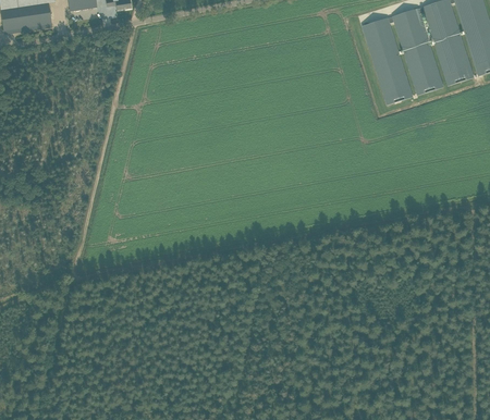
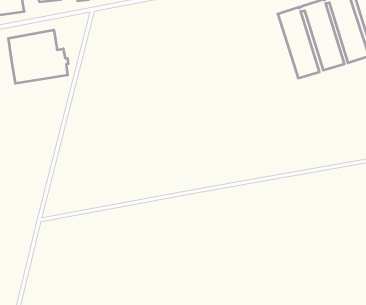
building: none -> [8,30,68,83]

